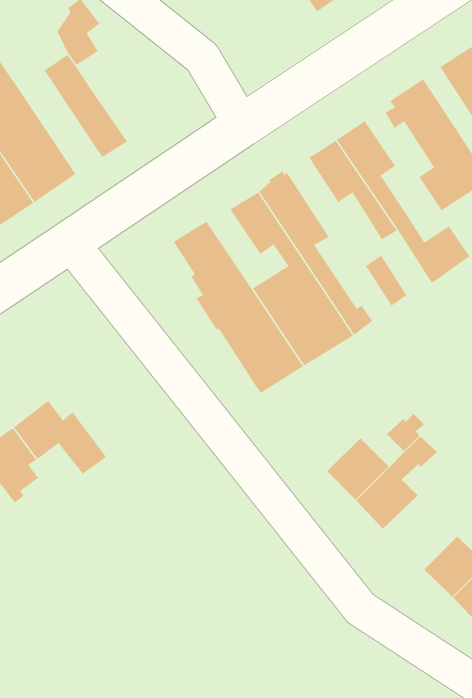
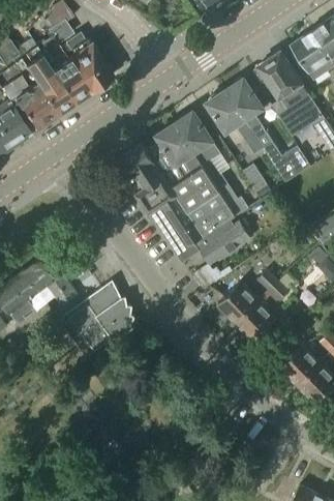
building: none -> [66,32,113,91]
building: none -> [21,46,74,112]
building: none -> [176,218,250,264]
building: none -> [69,285,135,357]

